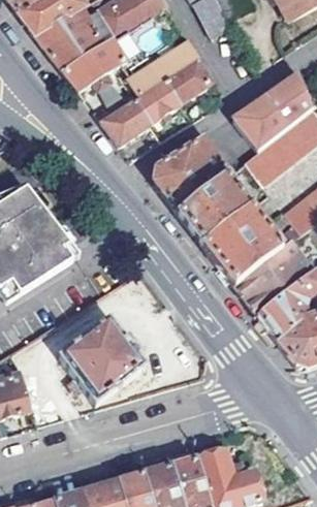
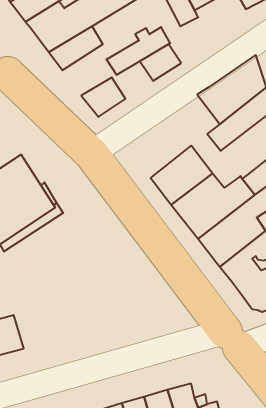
building: [134,78,182,122] -> none
building: [154,136,229,213] -> none
building: [59,316,145,402] -> none

